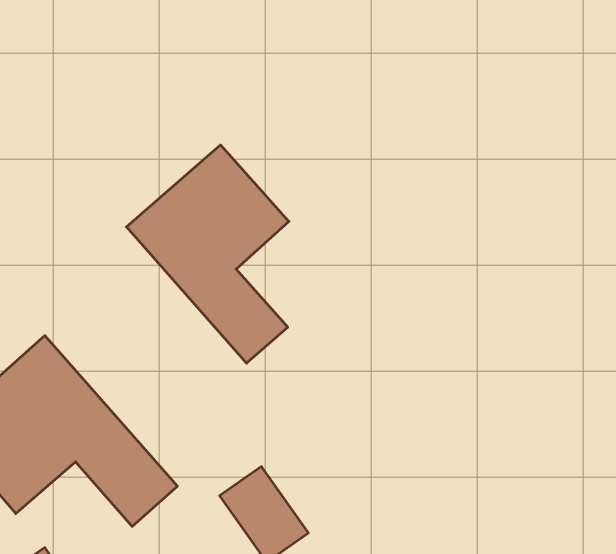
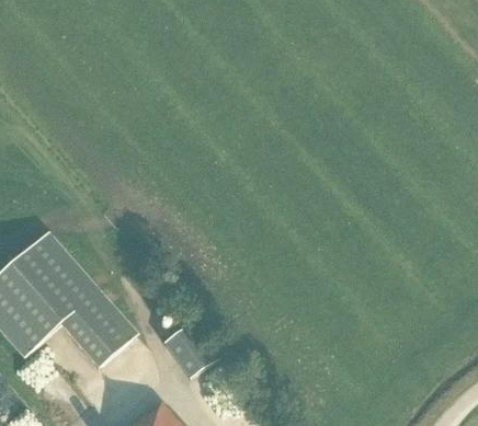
building: [126,145,289,363] -> none

